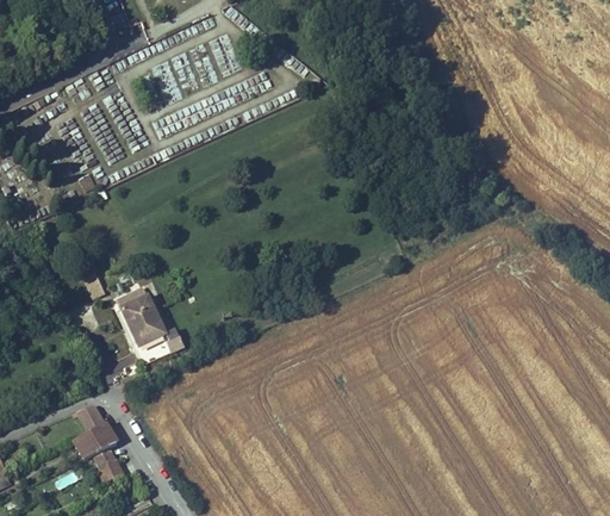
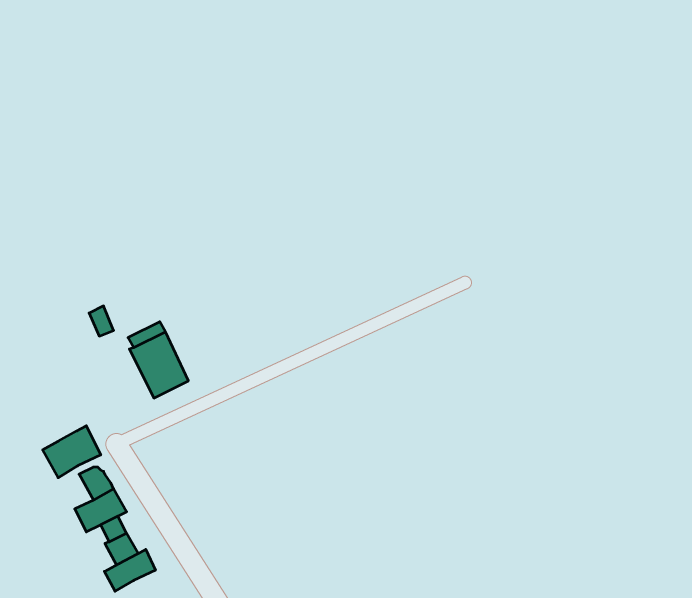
building: none -> [43,426,101,478]
building: none -> [104,549,155,591]

